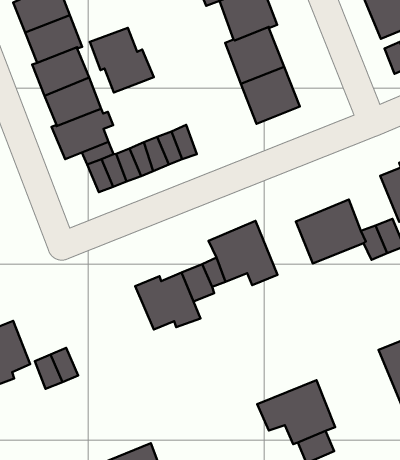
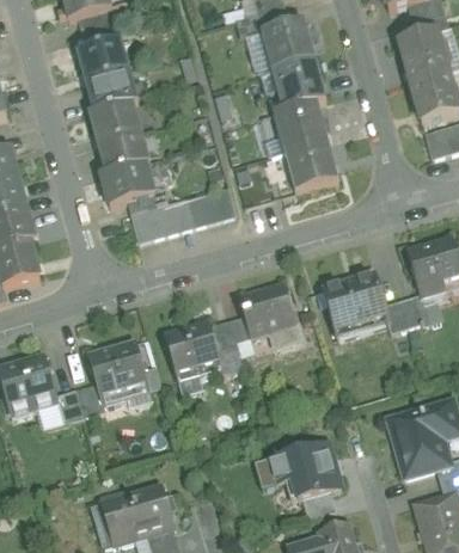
building: [90,28,154,93] -> none
building: none -> [90,343,147,405]

